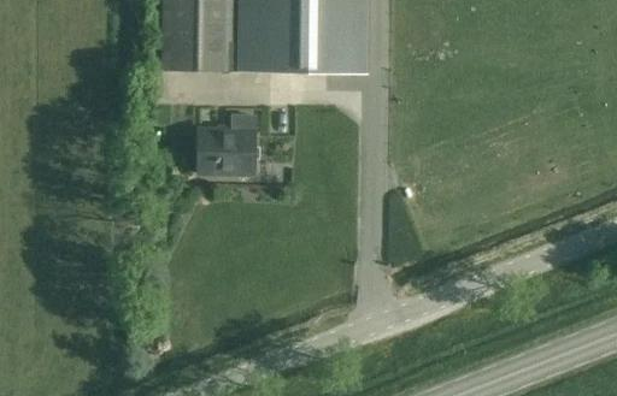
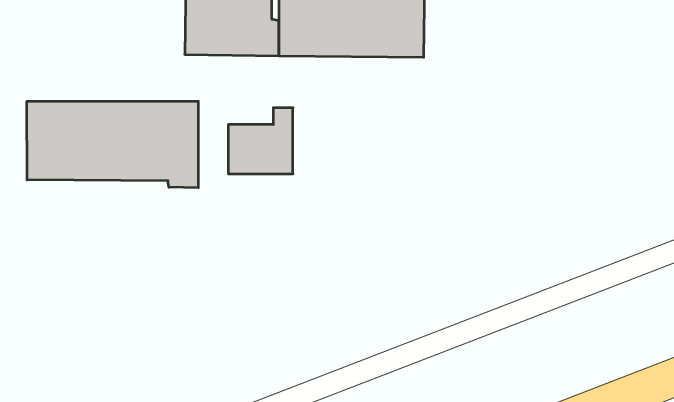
building: none -> [27,101,198,188]

